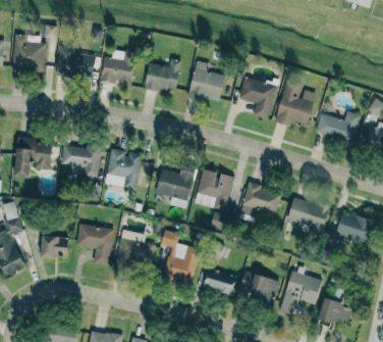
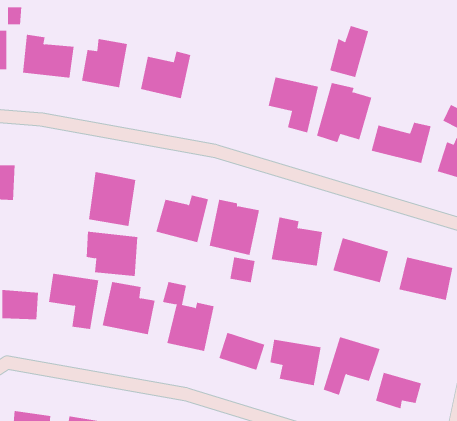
building: none -> [330,25,369,78]
building: [189,61,225,102] -> none
building: [62,144,101,178] -> [86,231,138,277]

